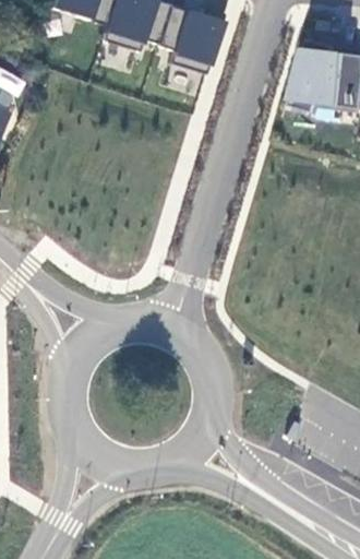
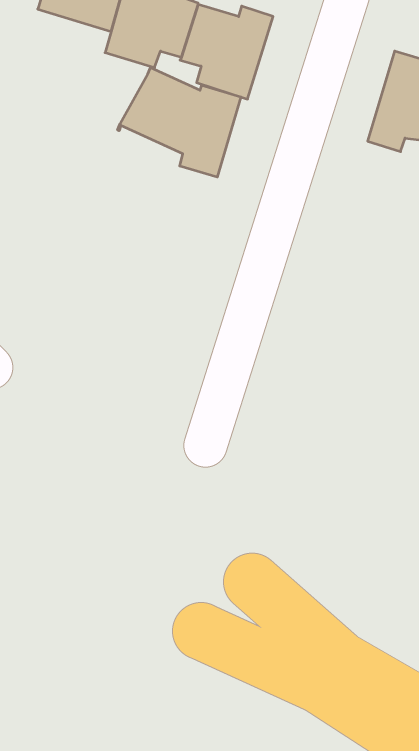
building: none -> [118,68,241,177]

